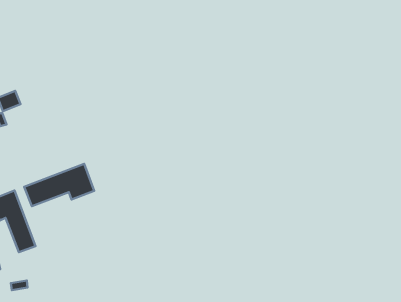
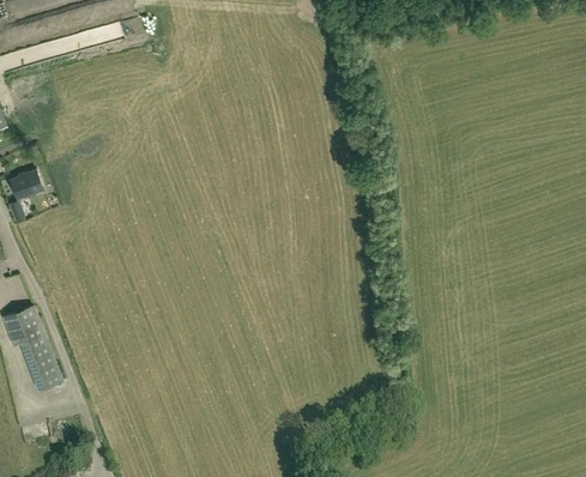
building: [24,164,94,206] -> none

